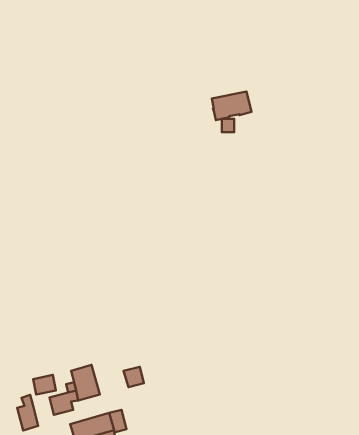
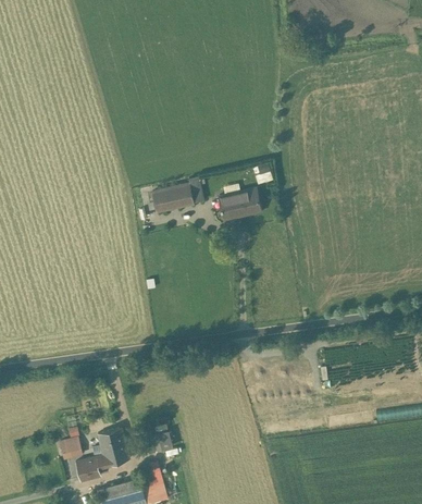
building: [212,91,252,120] -> [220,189,262,220]
building: none -> [152,183,195,212]
building: [17,395,38,430] -> none

